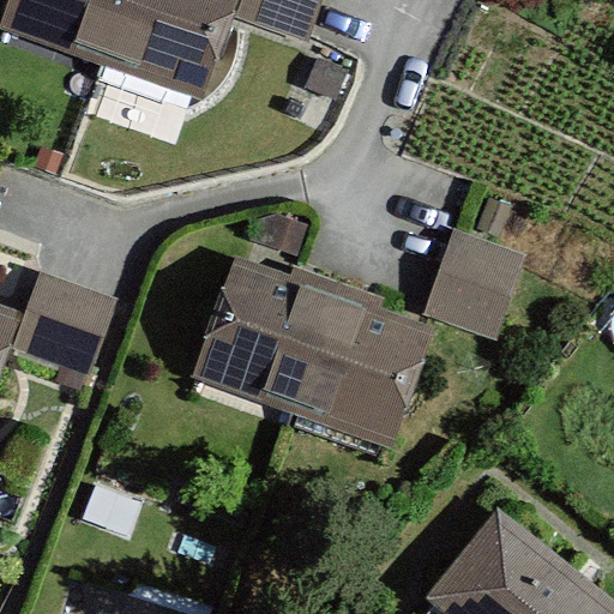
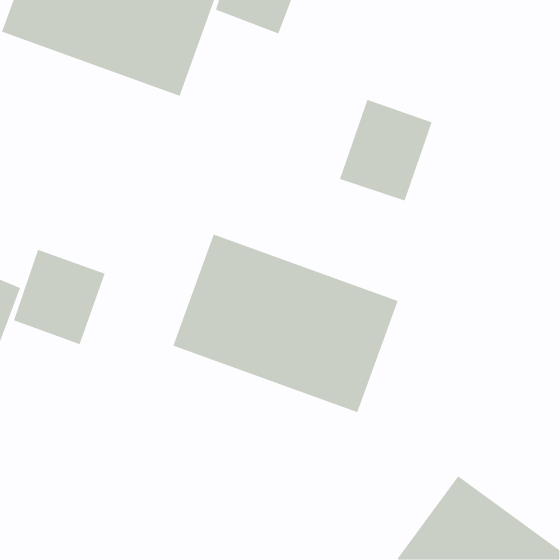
building: [423,229,525,341] -> [339,99,433,201]

